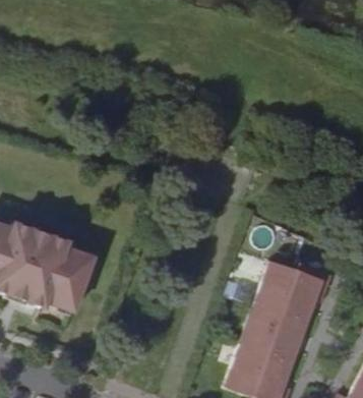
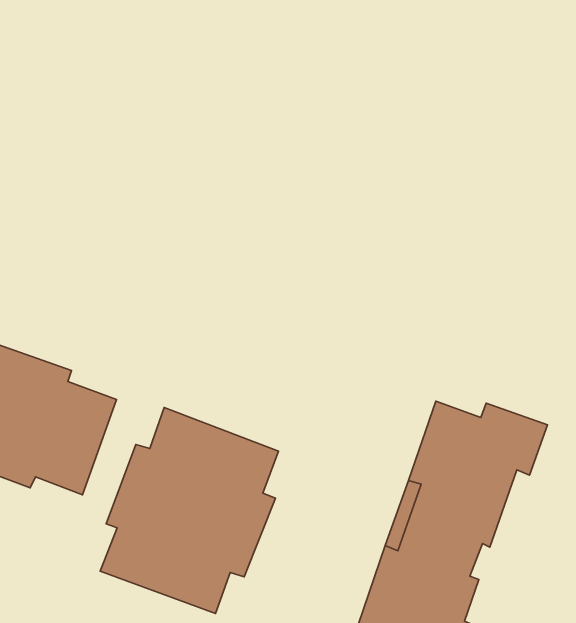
building: none -> [100,407,279,614]

